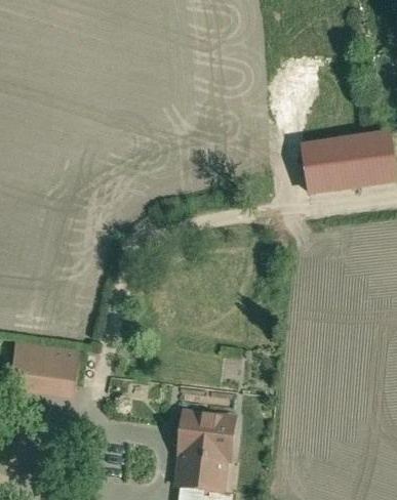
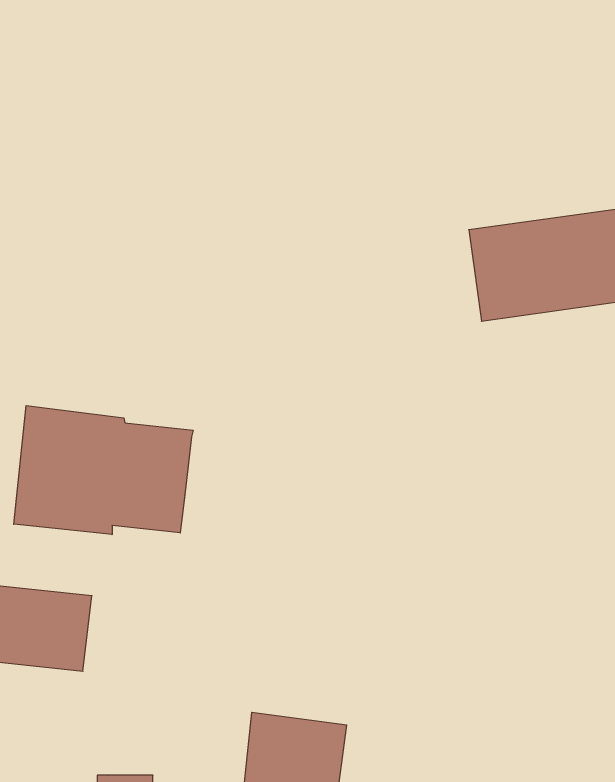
building: none -> [14,406,193,535]

